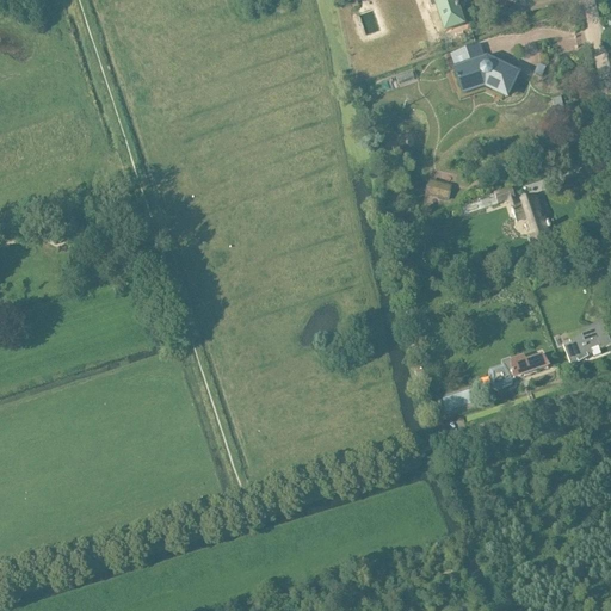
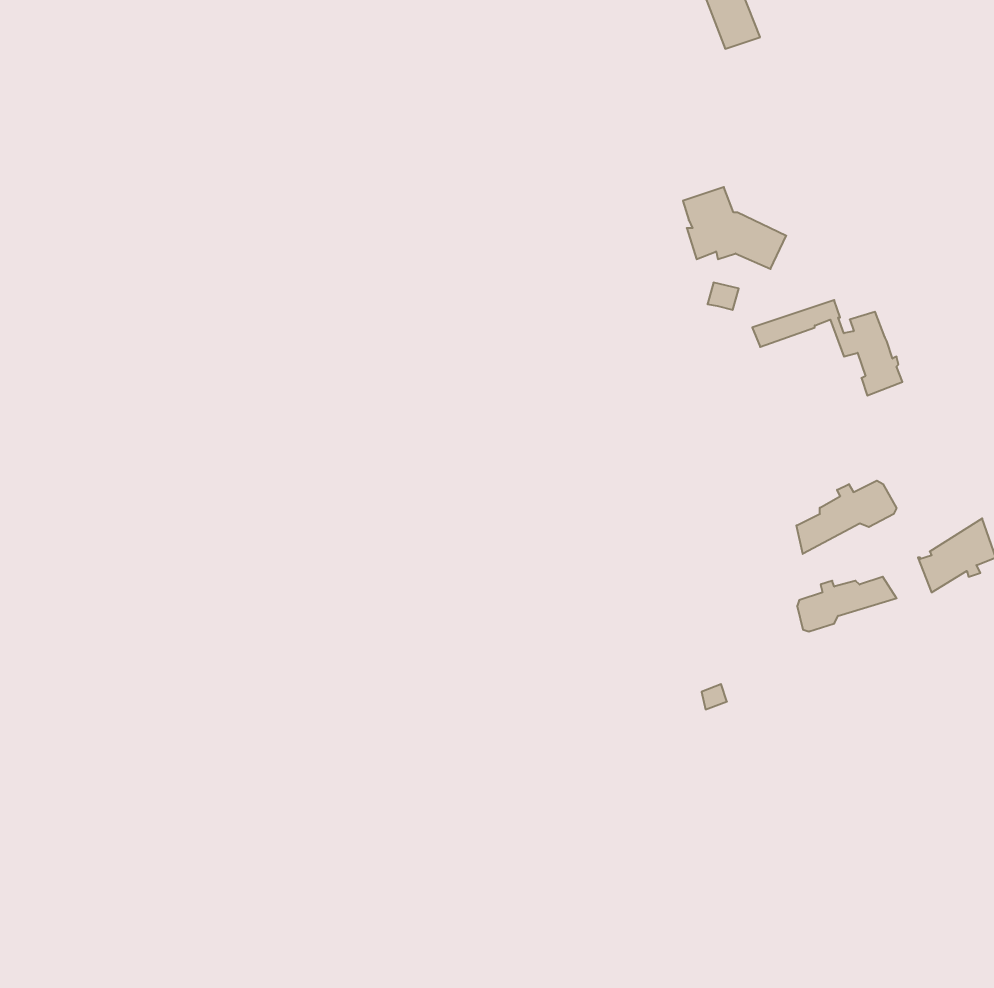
building: [453,43,517,93] -> [683,187,786,269]
building: none -> [796,481,896,554]

